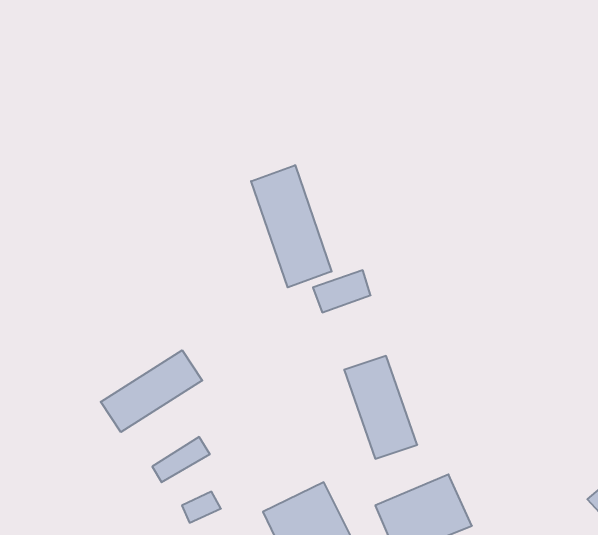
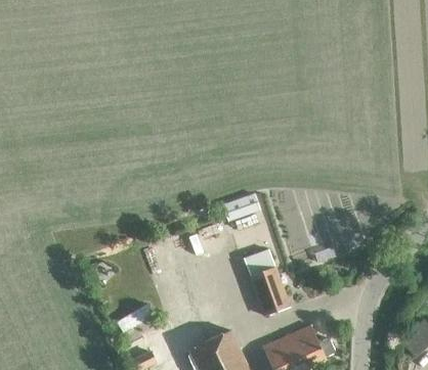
building: [251,165,332,287] -> none
building: [101,350,202,432] -> none

